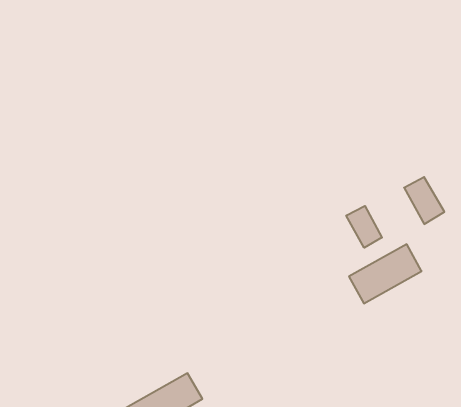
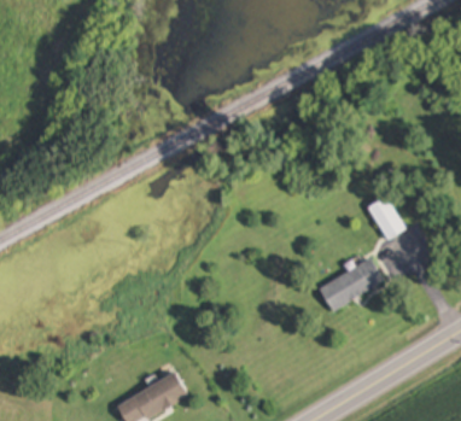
building: [346,206,382,248] -> none

